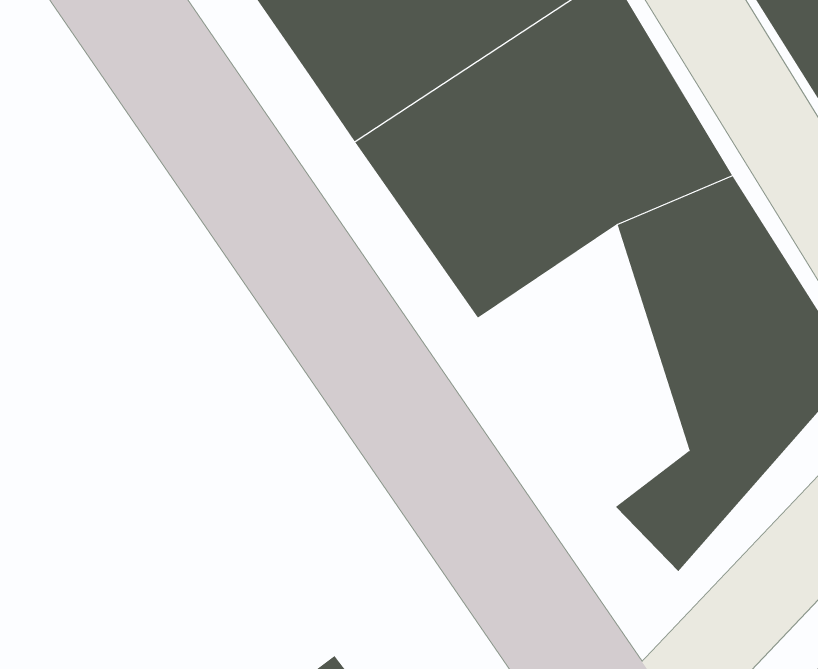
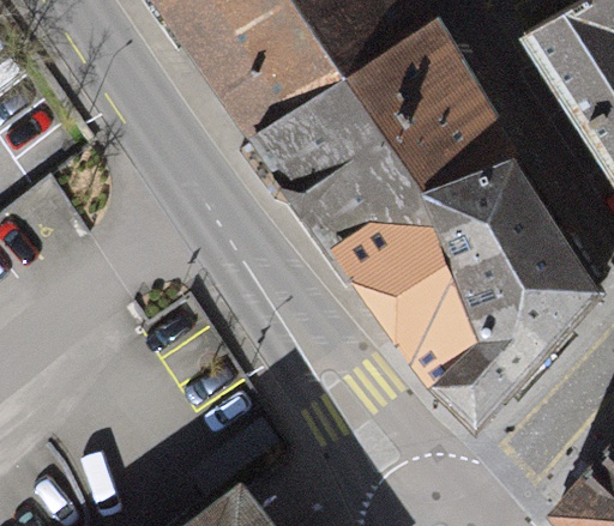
building: none -> [338,193,482,385]

